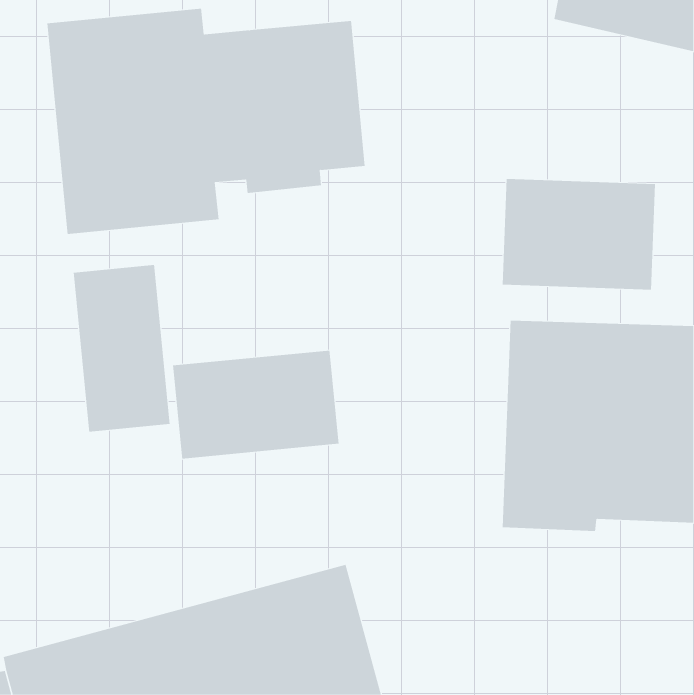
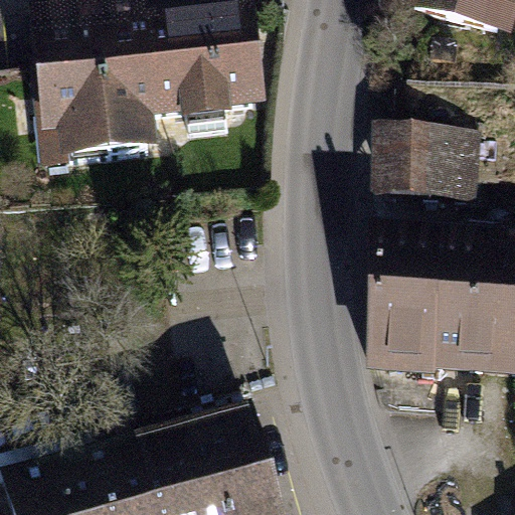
building: [73,264,170,433] -> none
building: [172,350,339,460] -> none

